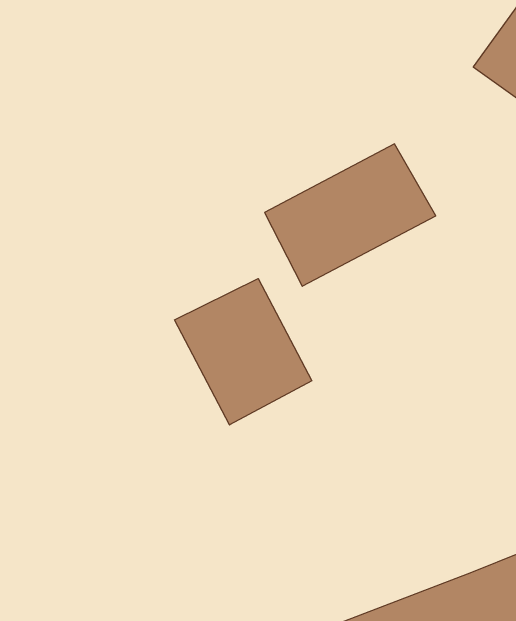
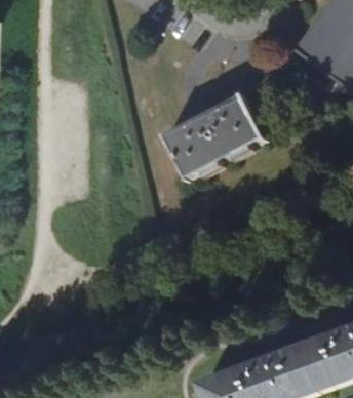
building: [175,279,312,425] -> none

